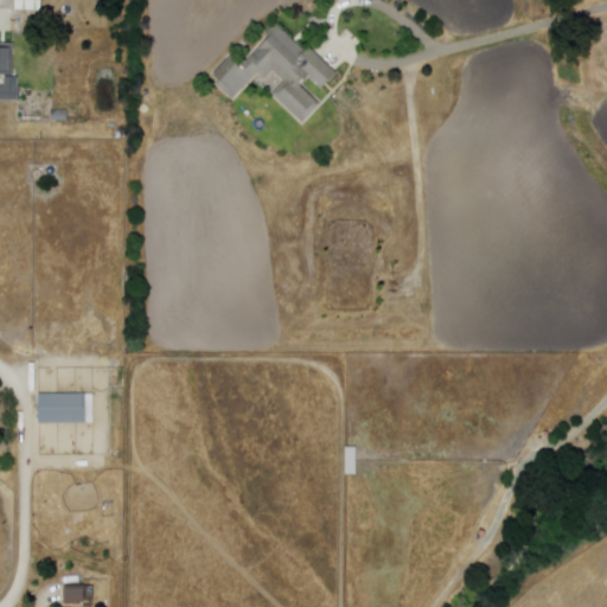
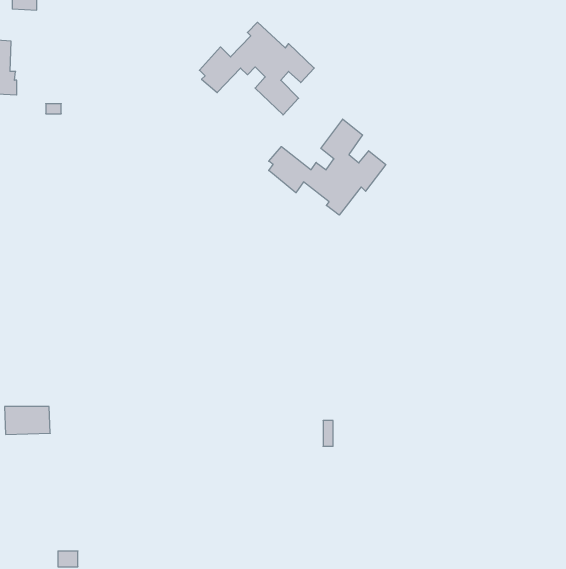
building: none -> [269,119,386,215]
building: [36,391,84,421] -> [5,407,50,434]

